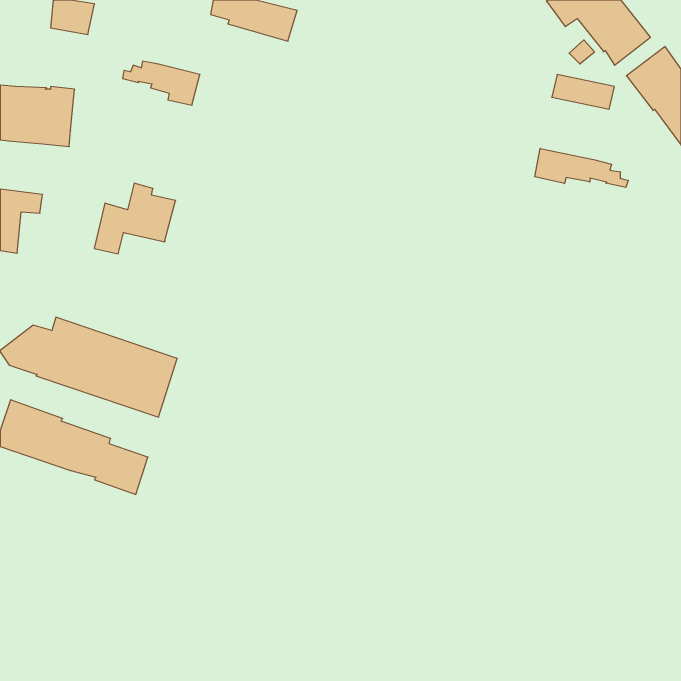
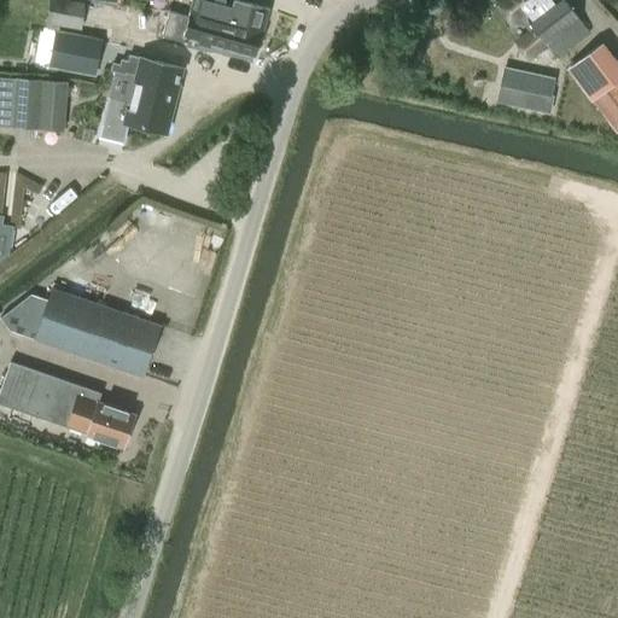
building: none -> [164,22,261,62]
building: none -> [49,33,103,77]
building: [535,148,628,187] -> none
building: [94,183,176,254] -> [100,80,174,144]

